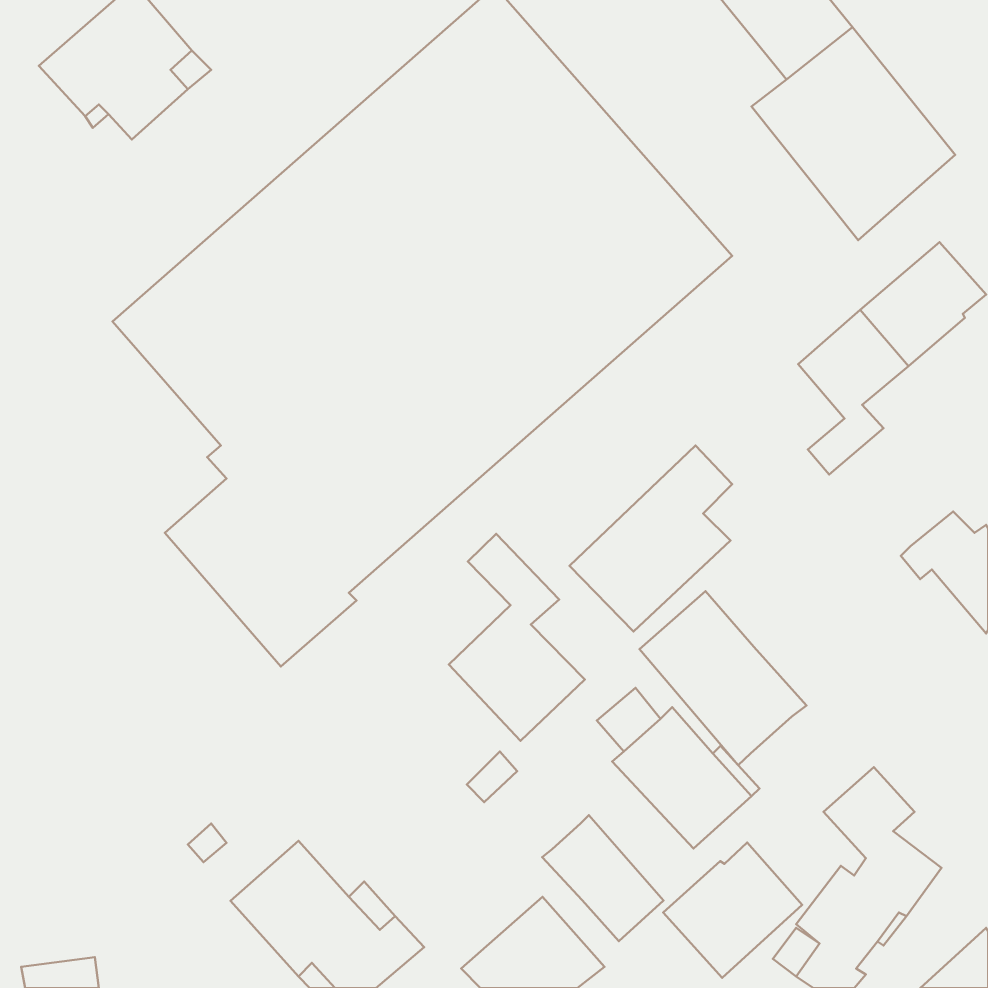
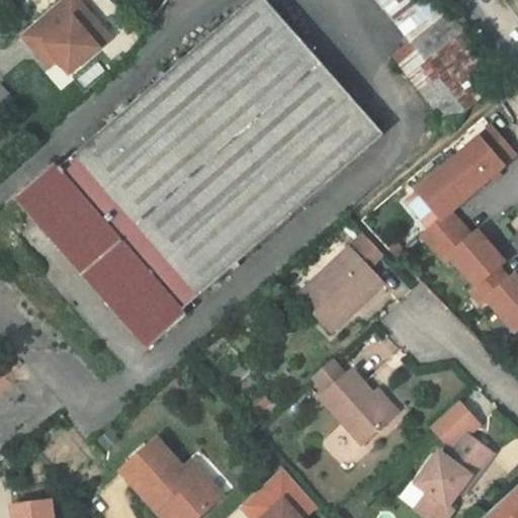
building: none -> [16,164,118,278]
building: none -> [433,224,504,285]
building: [449,534,585,741] -> none
building: [640,591,806,765] -> none
building: [542,815,664,941] -> none
building: [663,842,802,978] -> none

